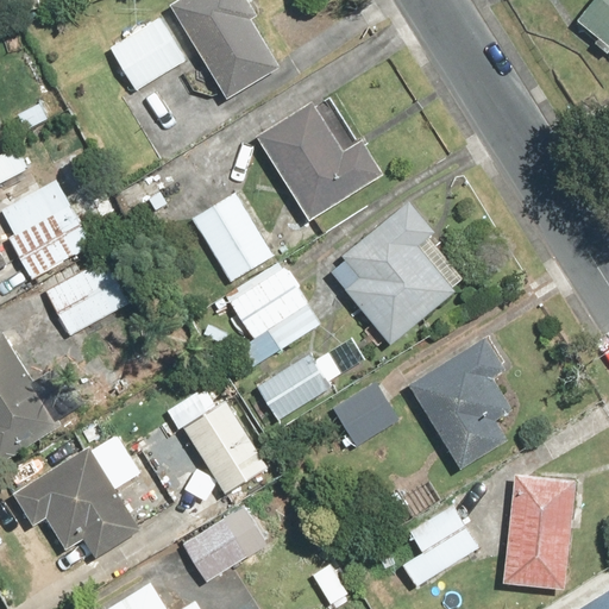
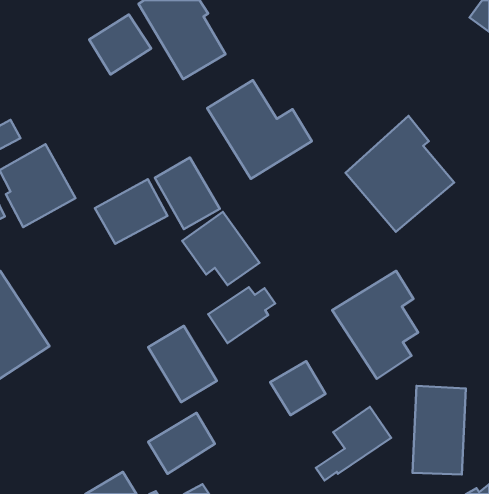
building: [329,202,463,345] -> [346,116,454,232]
building: [42,256,131,335] -> [95,179,167,244]
building: [332,381,400,447] -> [270,361,326,415]
building: [13,450,133,554] -> none

